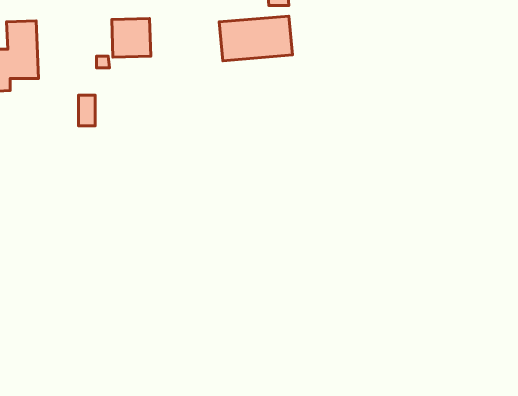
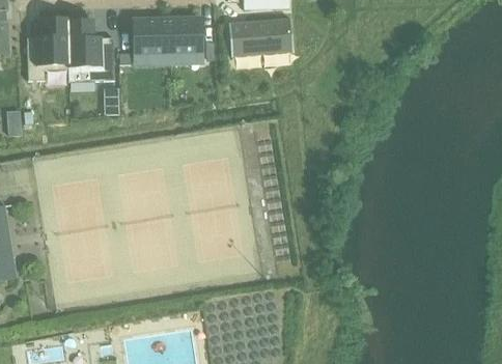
building: none -> [166,18,200,52]
building: none -> [67,23,114,83]

